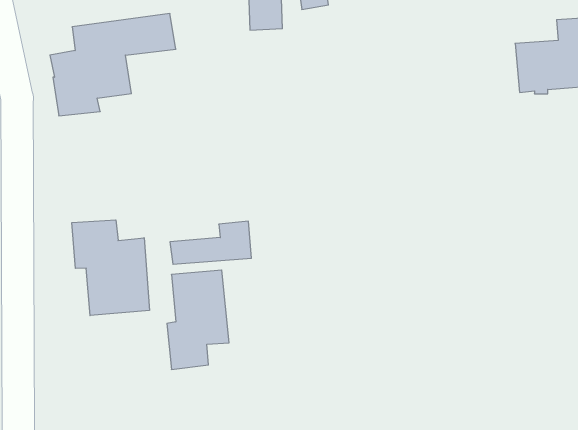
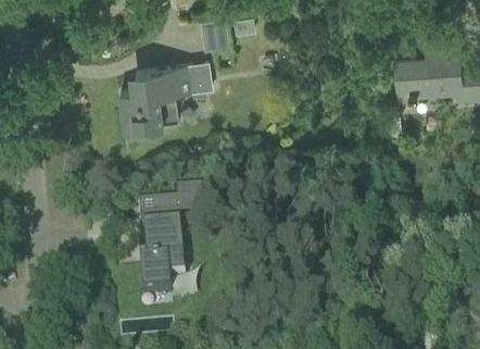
building: [50,14,176,116] -> [119,59,212,134]
building: [72,220,149,316] -> none

